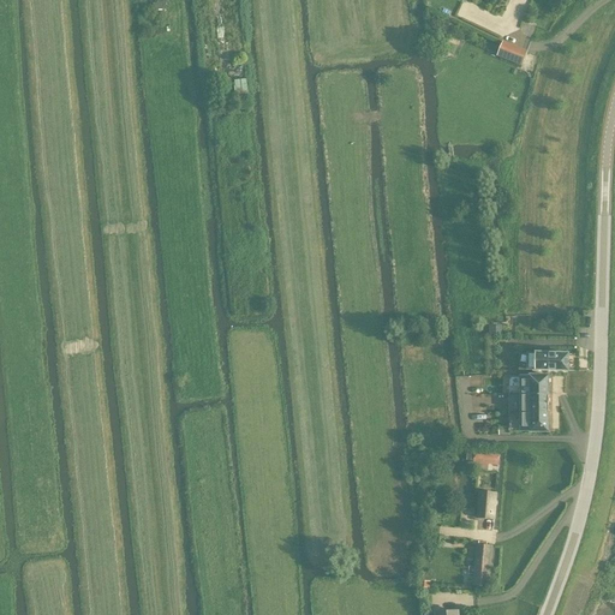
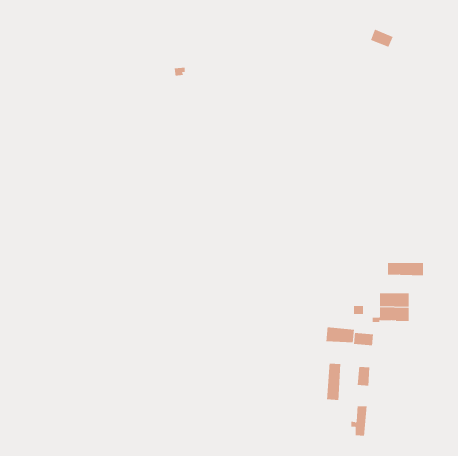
building: [508,374,549,393] -> none
building: none -> [326,327,354,343]
building: none -> [326,363,341,401]

